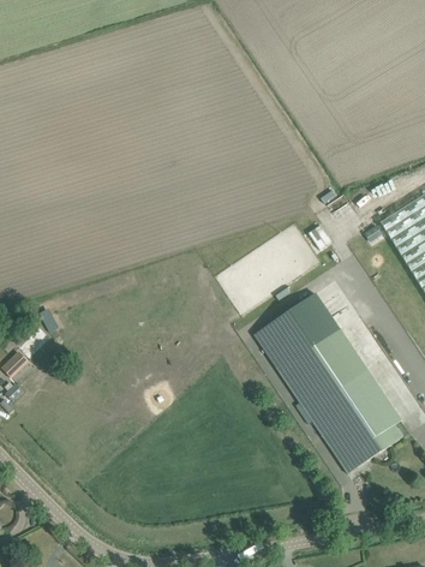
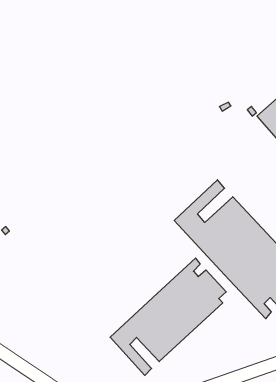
building: none -> [110,258,226,375]

